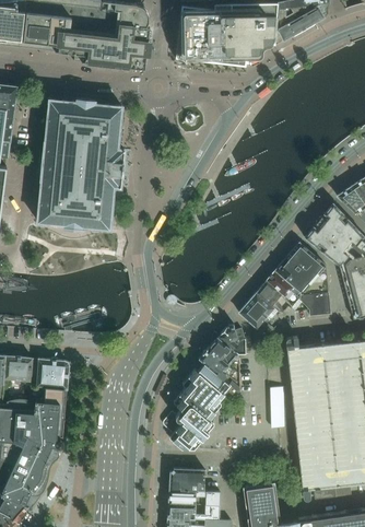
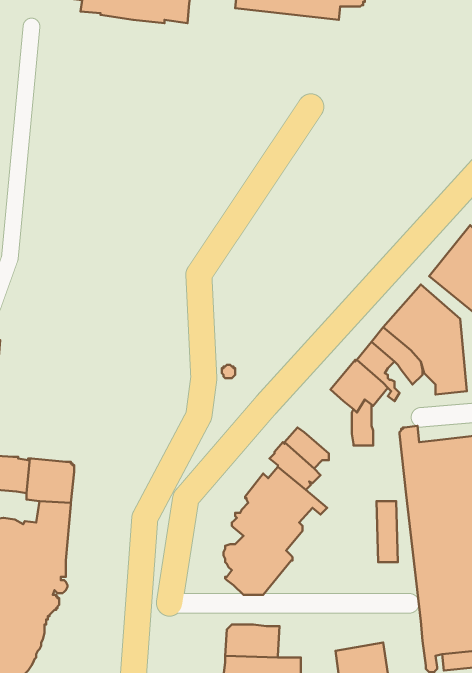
building: [37,98,125,229] -> none
building: [219,324,246,354] -> none

